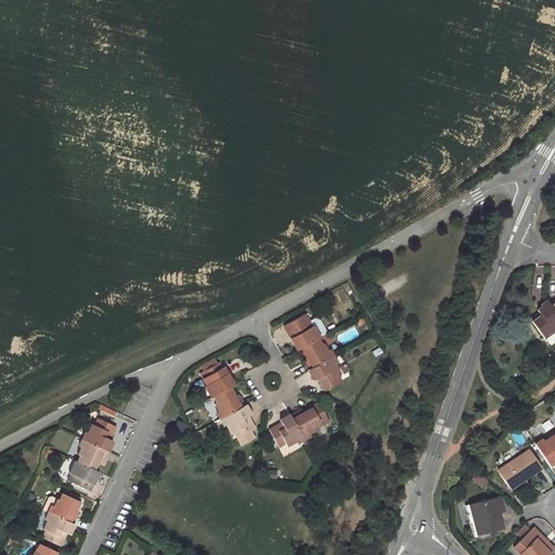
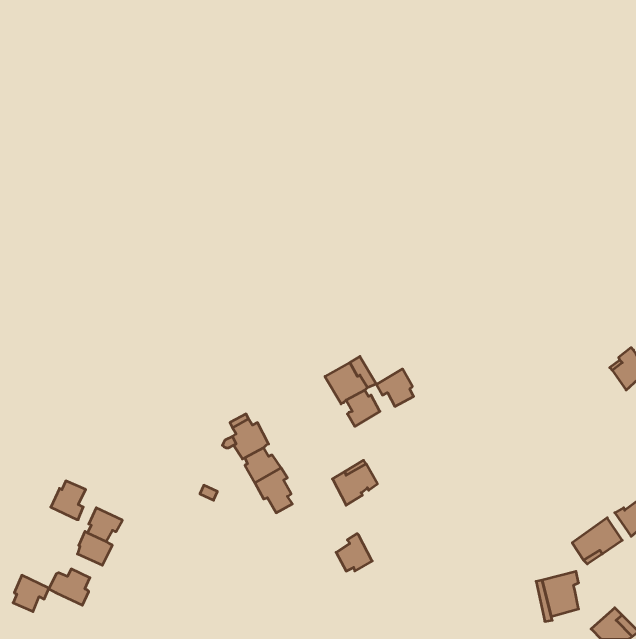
building: [309,357,341,389] -> [376,369,414,406]
building: [271,414,302,447] -> [336,534,372,571]
building: [86,417,116,451] -> [51,481,86,520]
building: [43,514,75,545] -> [13,575,49,612]

